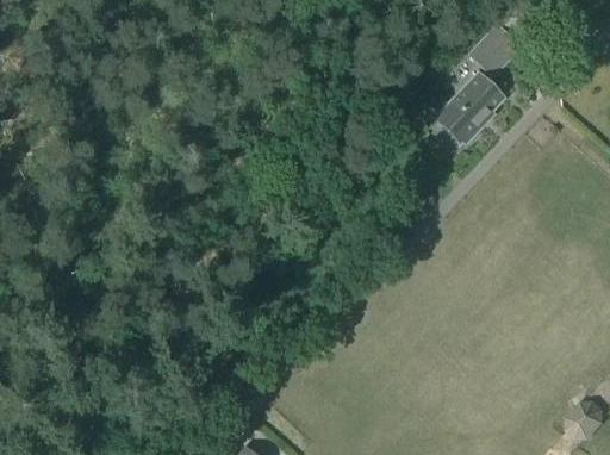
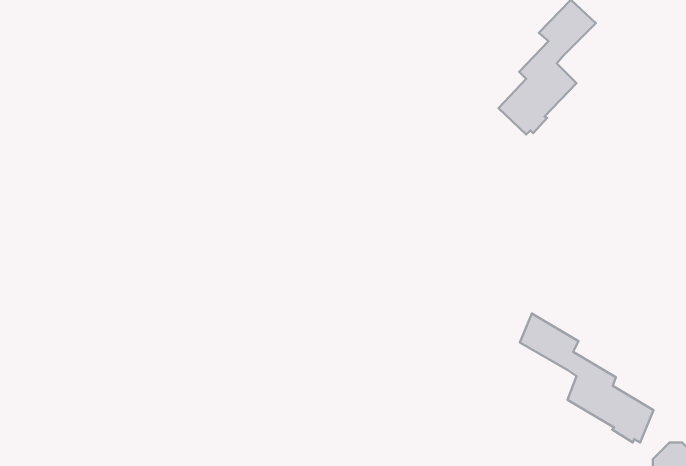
building: none -> [520,313,653,443]

